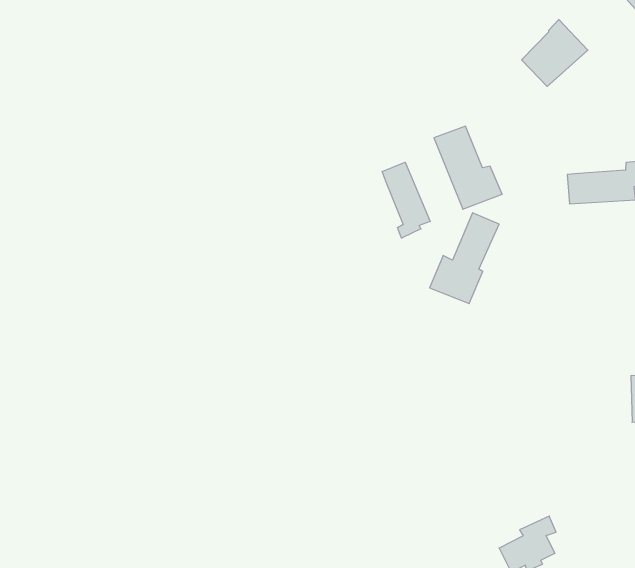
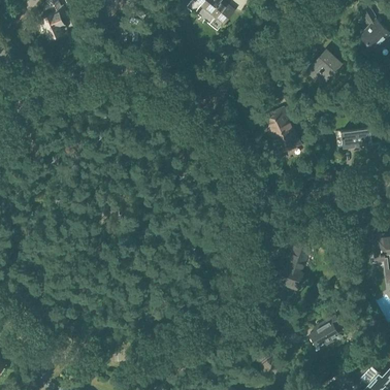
building: [382,162,430,238] -> none
building: [430,213,499,304] -> [277,241,312,290]

